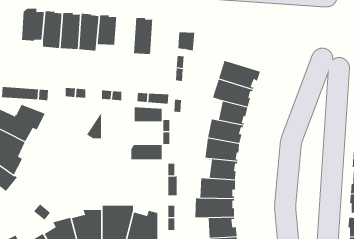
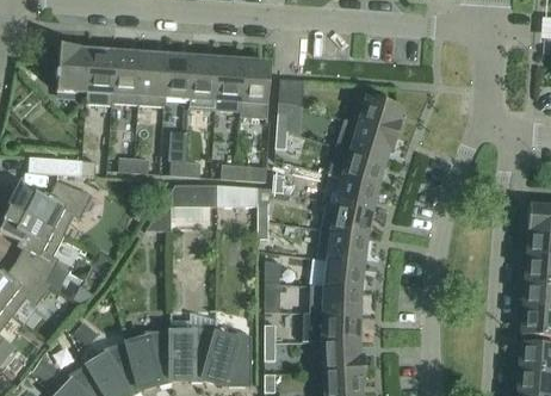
building: none -> [191,56,221,110]
building: none -> [241,60,272,118]
building: none -> [351,93,404,135]
building: [131,145,163,160] -> [173,185,218,206]

